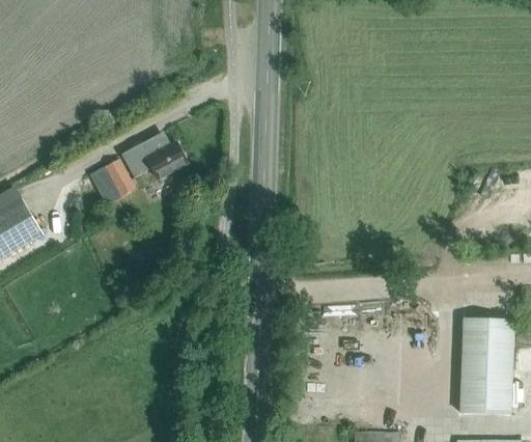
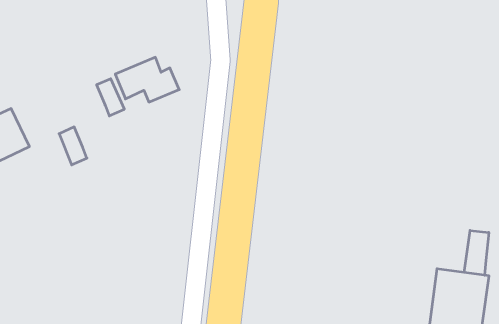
building: [90,166,120,204] -> [59,127,87,165]
building: none -> [464,230,489,275]

